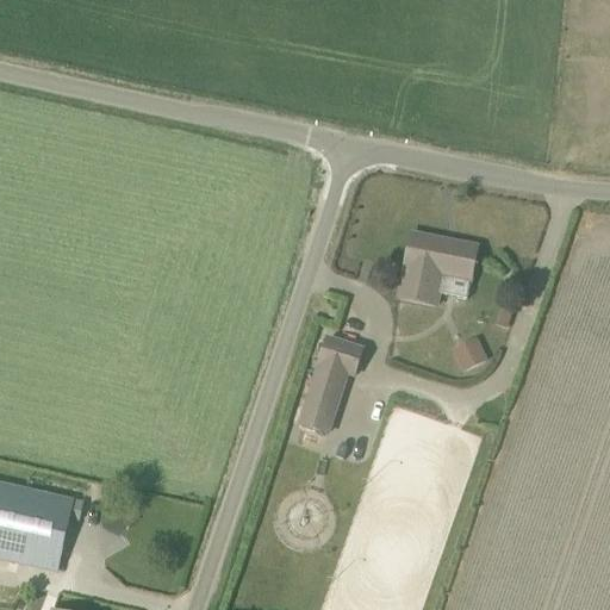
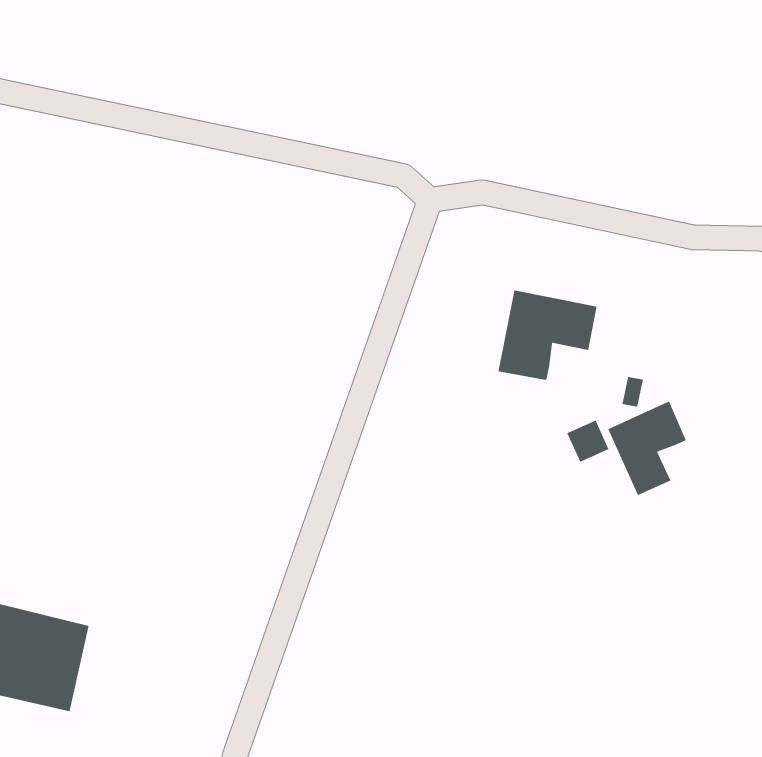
building: none -> [607,401,687,496]
building: [299,336,363,434] -> none

